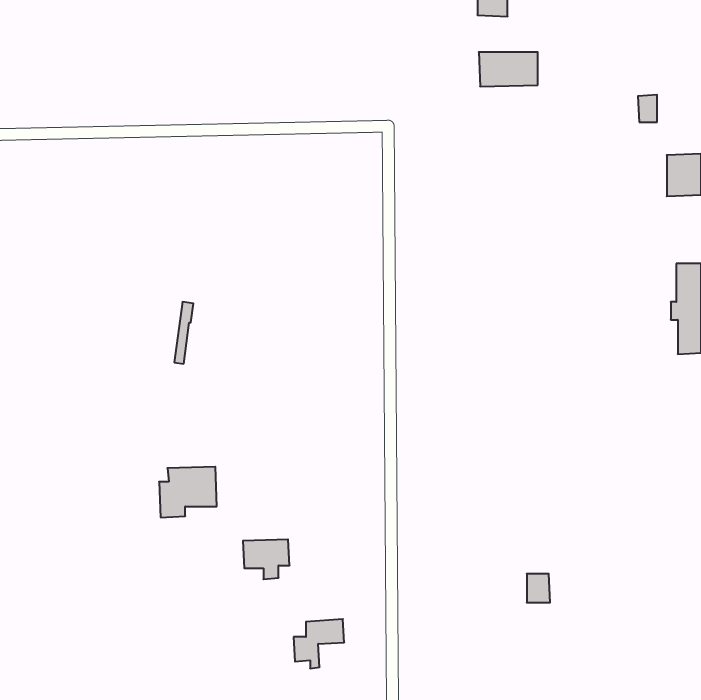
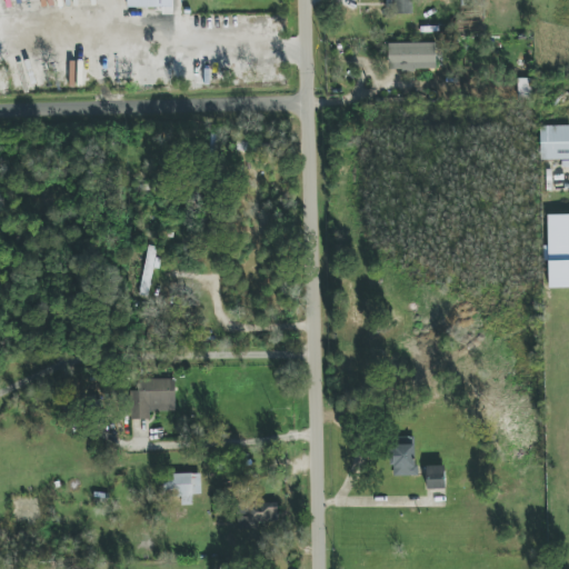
building: [243,539,290,579] -> [163,472,201,505]
building: none -> [392,439,417,476]

